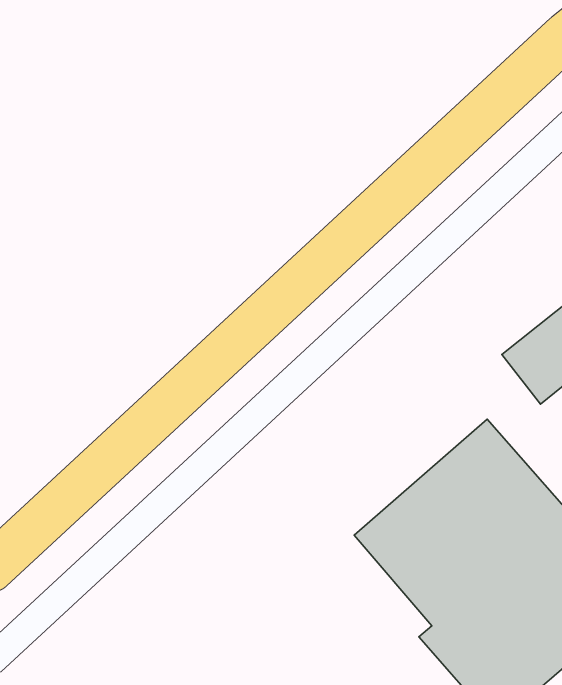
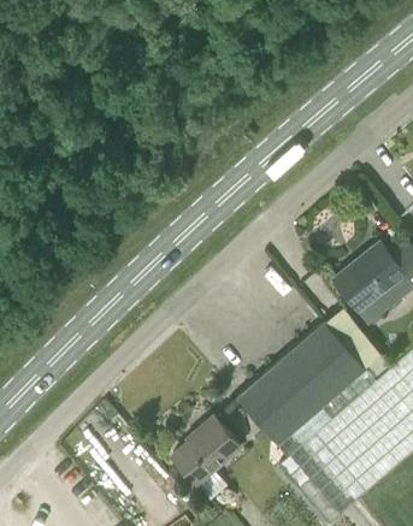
building: none -> [172,416,241,484]

